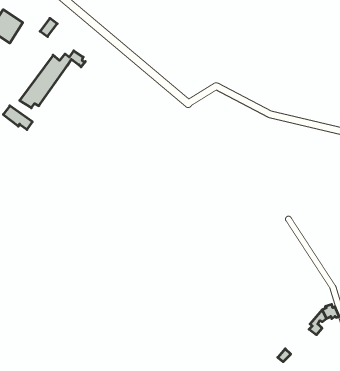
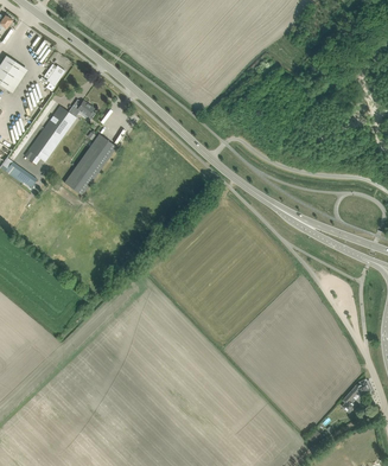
building: none -> [63,134,115,194]

